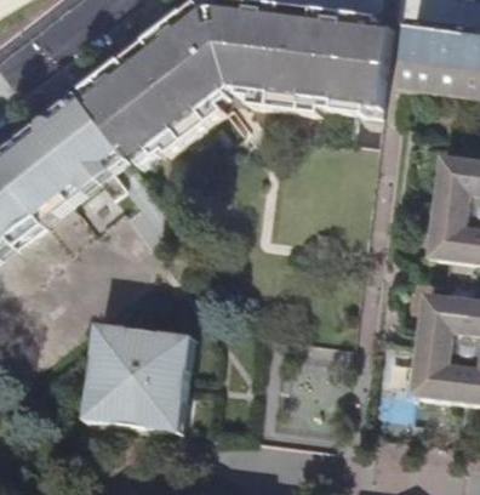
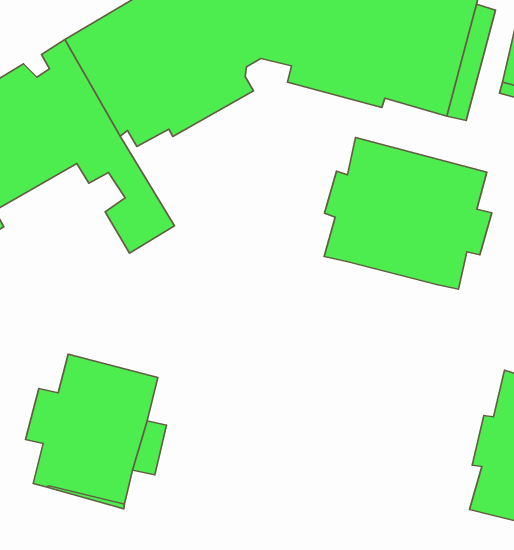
building: none -> [324,137,492,289]

